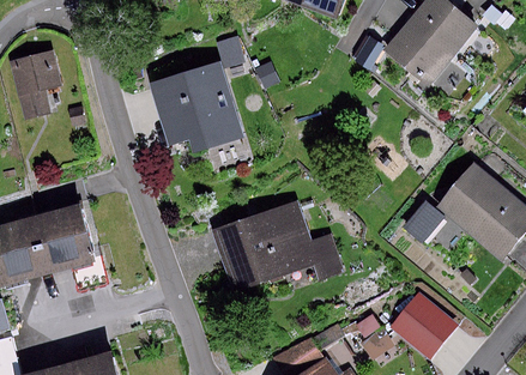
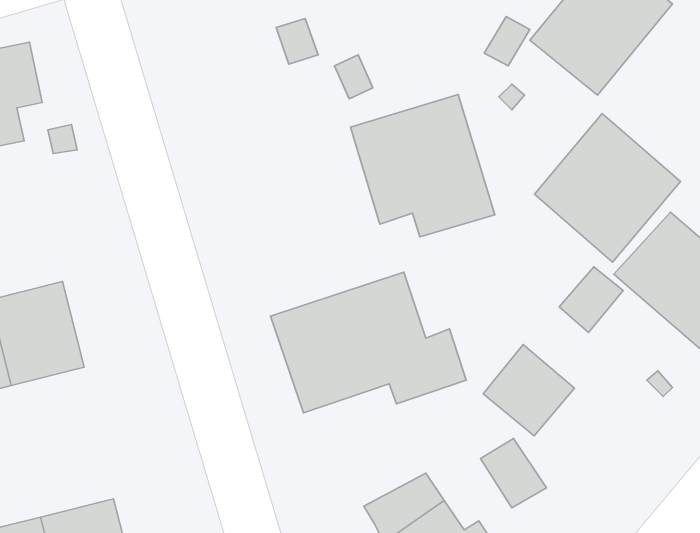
building: [149,58,243,151] -> [350,94,495,237]
building: none -> [534,114,680,262]
building: [393,294,453,353] -> [483,344,574,436]

